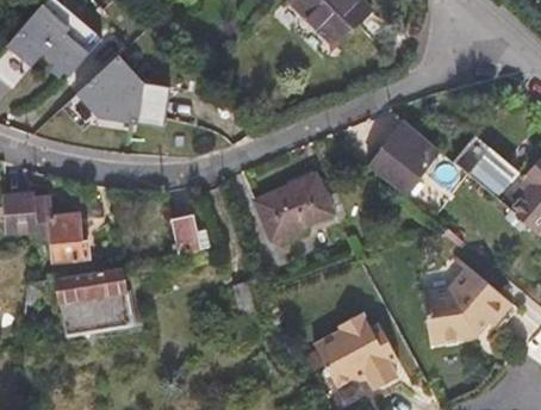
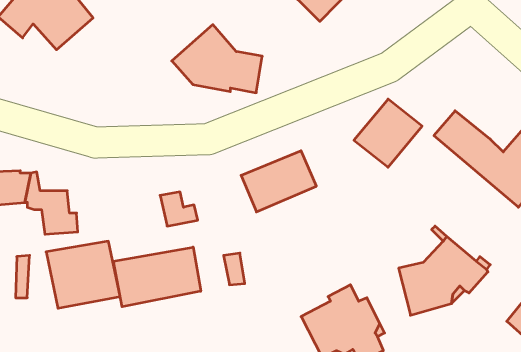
building: [77,54,169,123] -> [172,25,262,93]
building: none -> [113,247,201,307]

